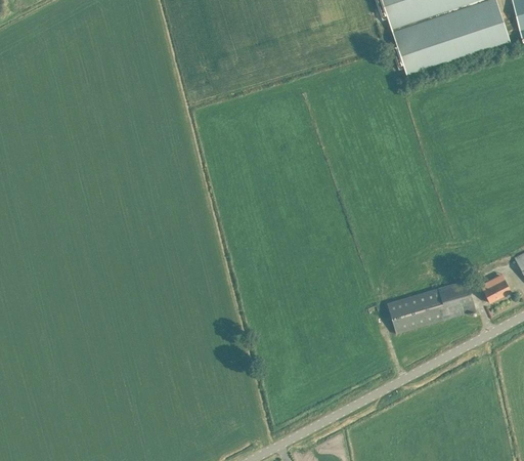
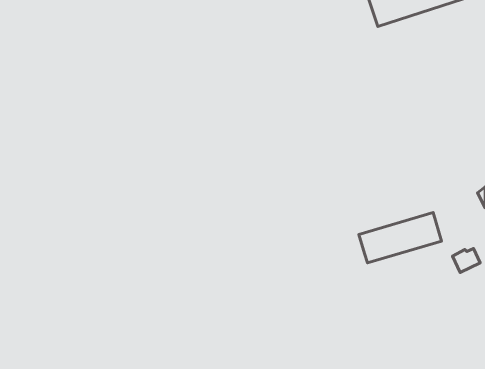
building: [481,274,511,299] -> [453,249,480,272]

